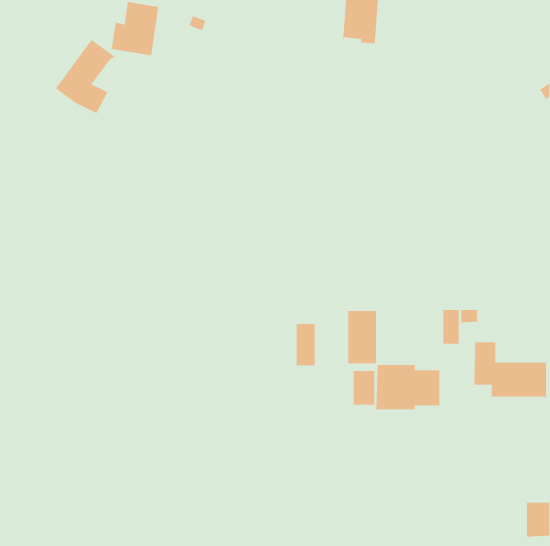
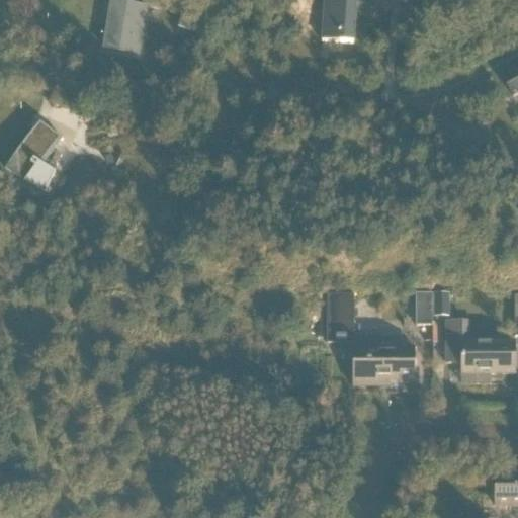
building: [55,39,116,114] -> [5,120,63,191]
building: [296,323,316,366] -> none
building: [353,370,375,406] -> none

